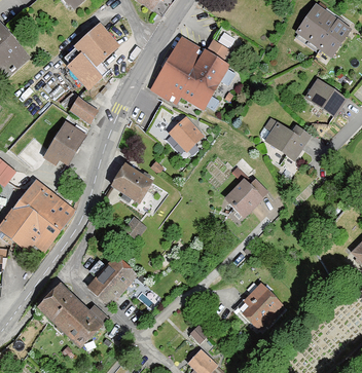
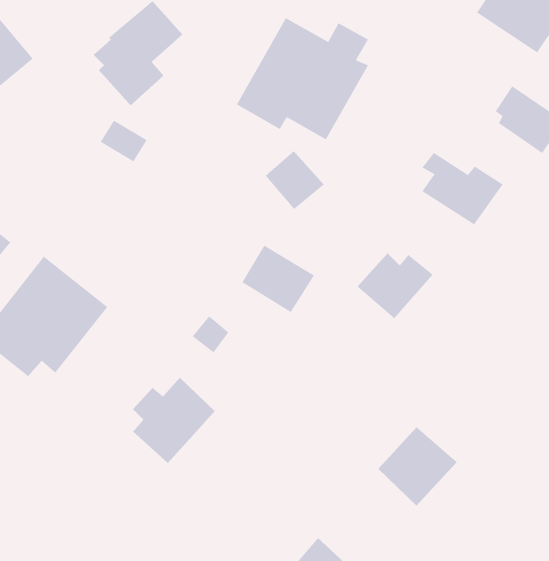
building: [42,121,85,165] -> none
building: [110,162,154,203] -> [242,245,315,313]
building: [39,279,112,348] -> none

